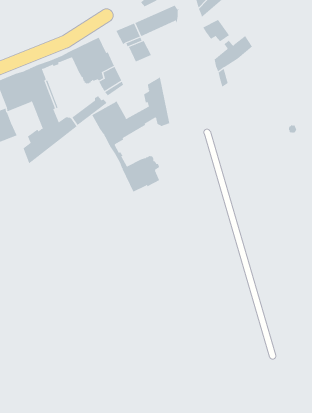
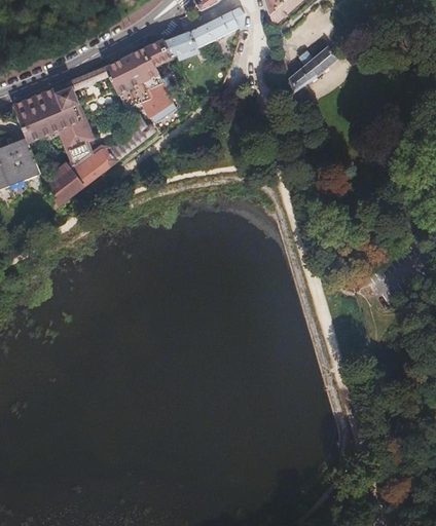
building: [202,19,230,42] -> none
building: [128,40,152,62] -> [144,38,174,66]
building: [92,76,170,193] -> none

